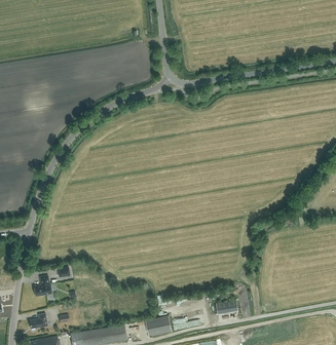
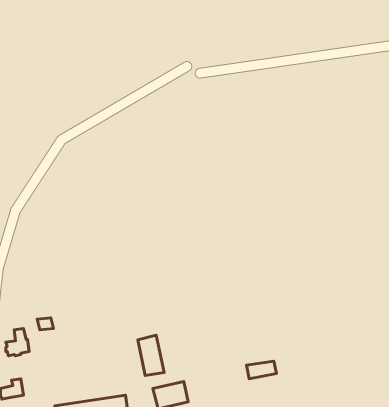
building: none -> [138,335,164,376]

